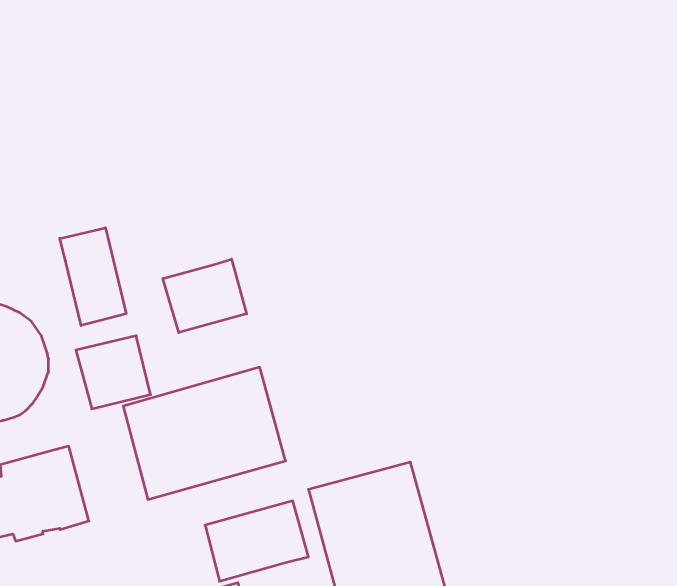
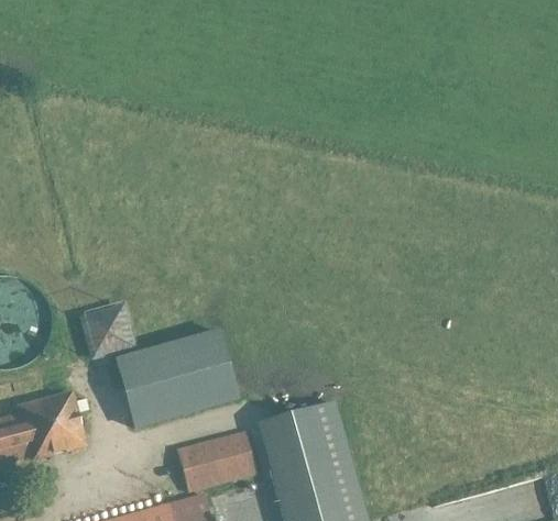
building: [60,228,126,326] -> none
building: [163,259,247,333] -> none

